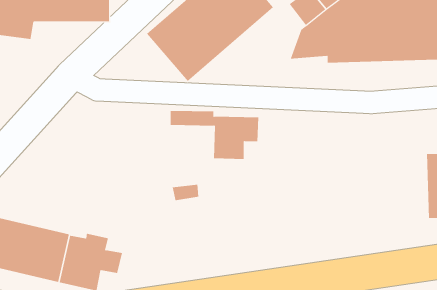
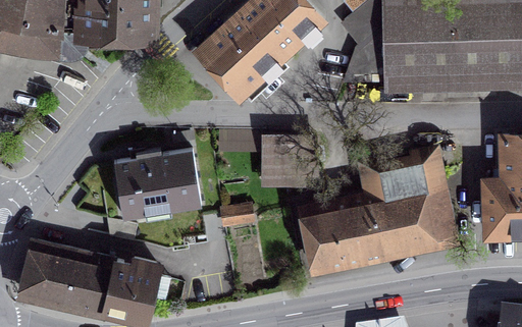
building: none -> [113,151,201,219]
building: none -> [307,153,452,265]

